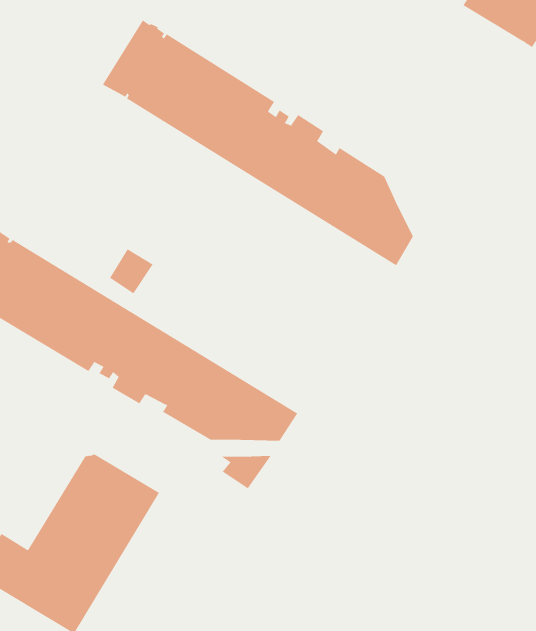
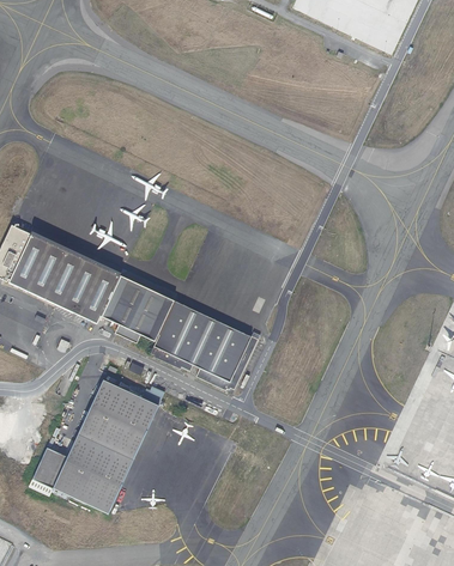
building: [102,19,413,266] -> none

